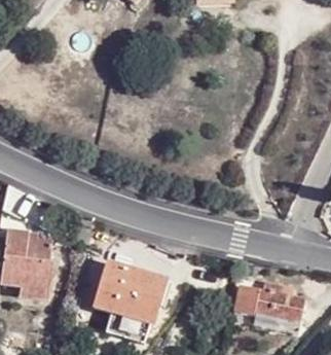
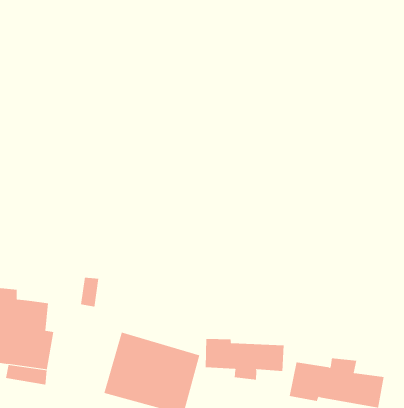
building: none -> [205,338,284,380]

